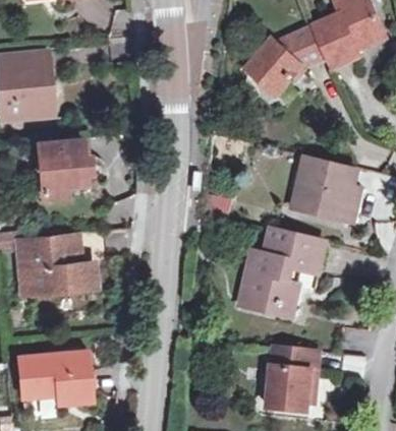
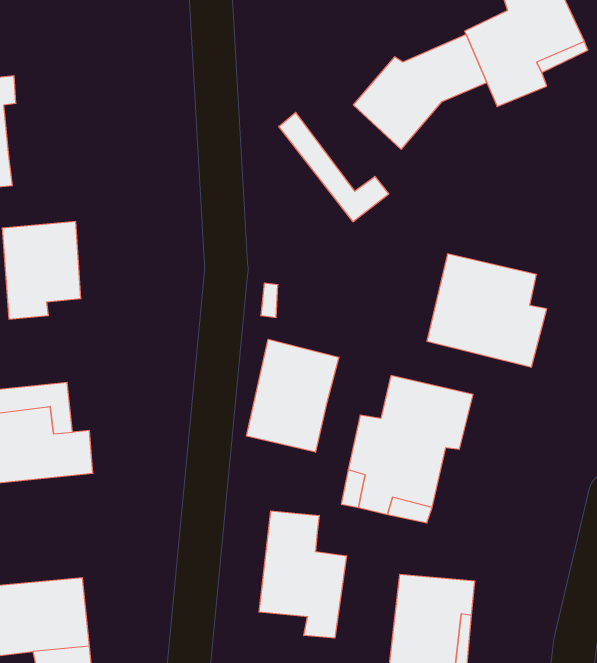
building: none -> [279,112,389,222]
building: none -> [247,339,339,452]
building: none -> [259,511,346,638]

